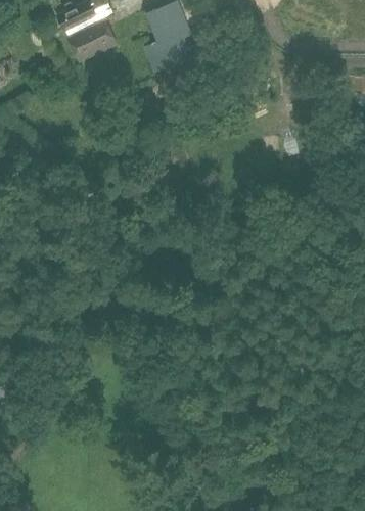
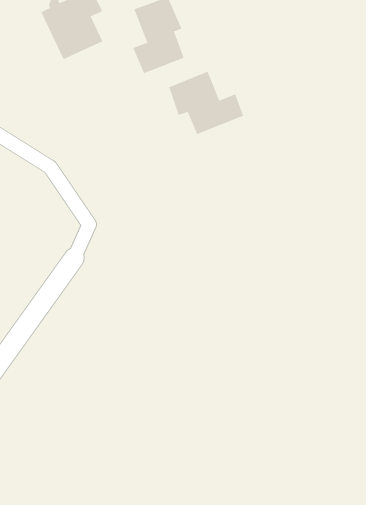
building: none -> [169,71,244,135]

